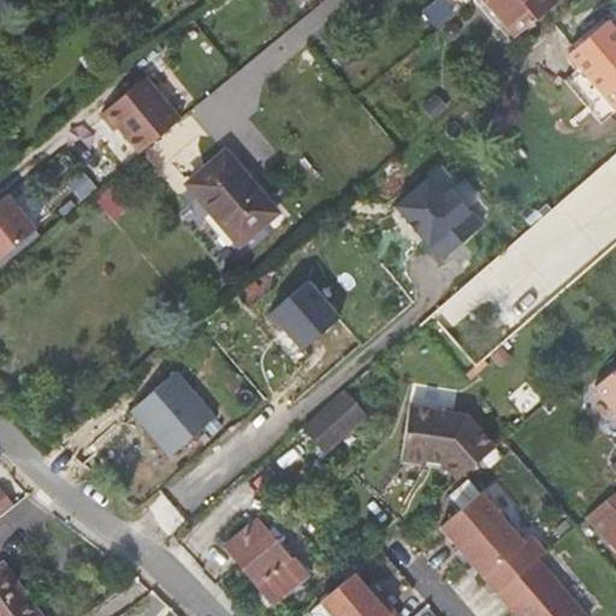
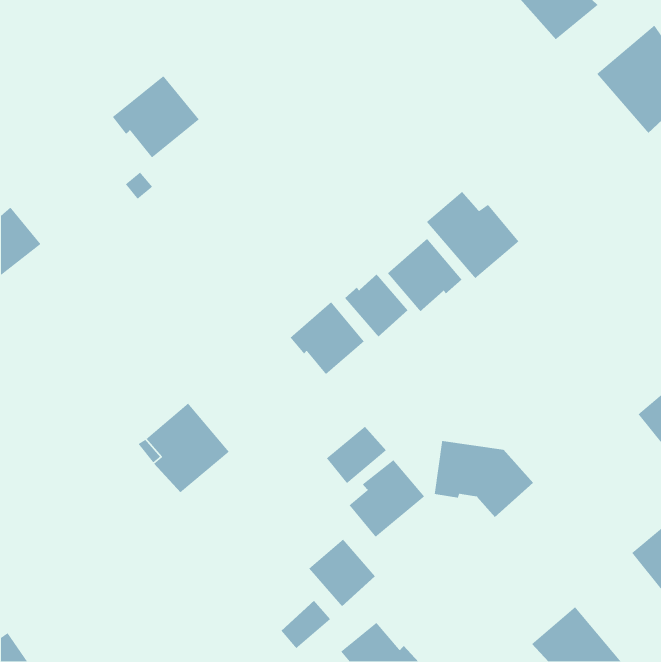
building: [186,153,274,243] -> none
building: none -> [387,238,463,312]
building: none -> [344,273,409,337]
building: none -> [348,459,425,538]
building: [439,494,544,597] -> none
building: [231,521,294,585] -> [308,539,376,607]

